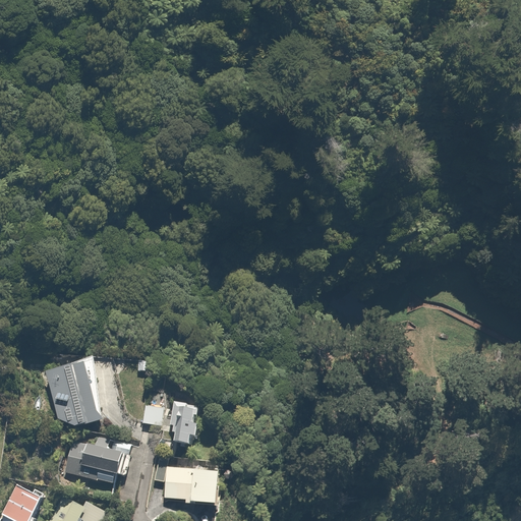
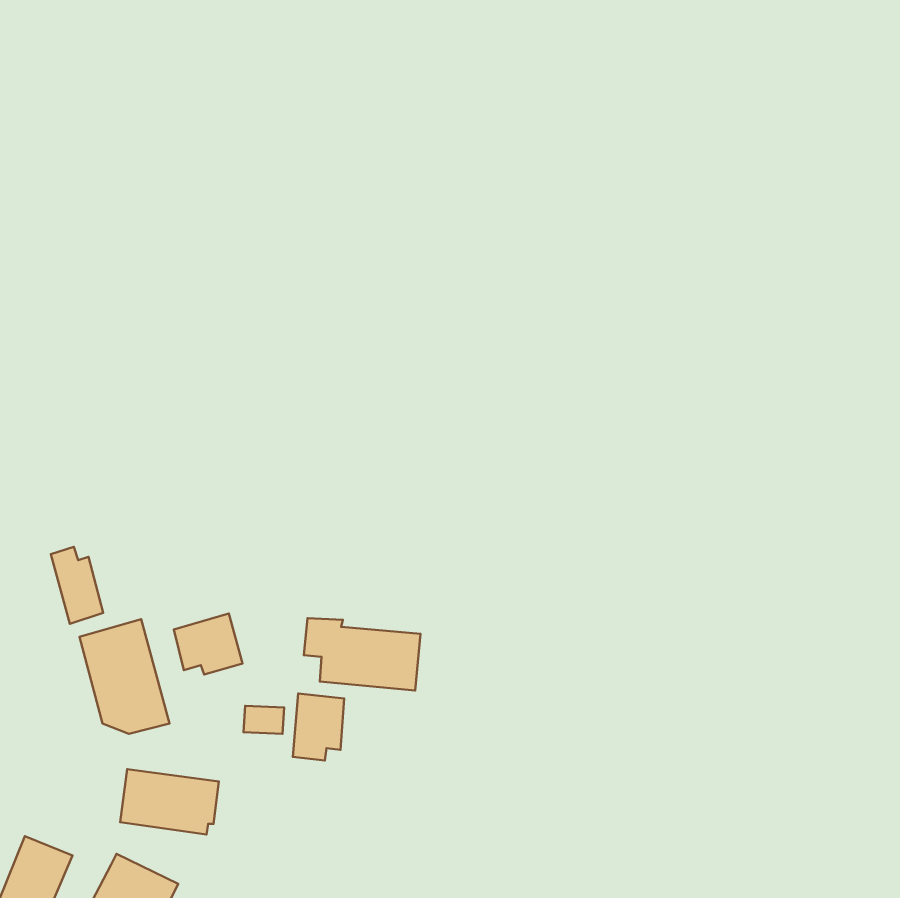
building: none -> [51,547,103,624]
building: none -> [174,613,242,675]
building: [153,461,220,503] -> [304,618,420,690]

